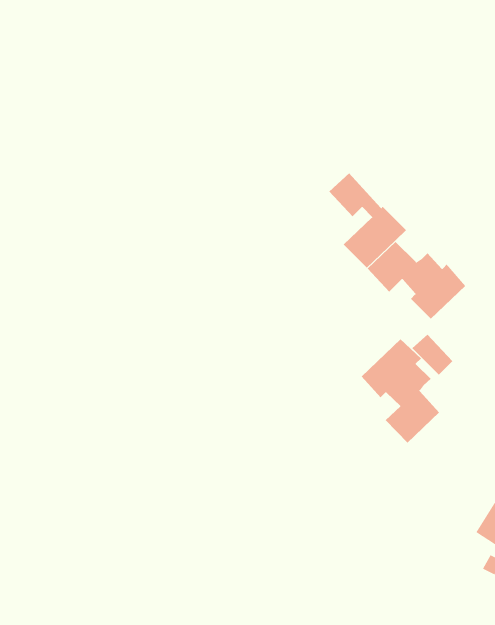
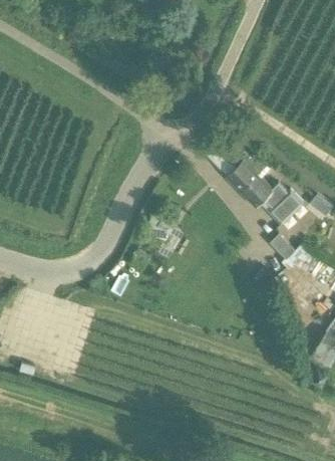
building: [361,339,440,443] -> none

